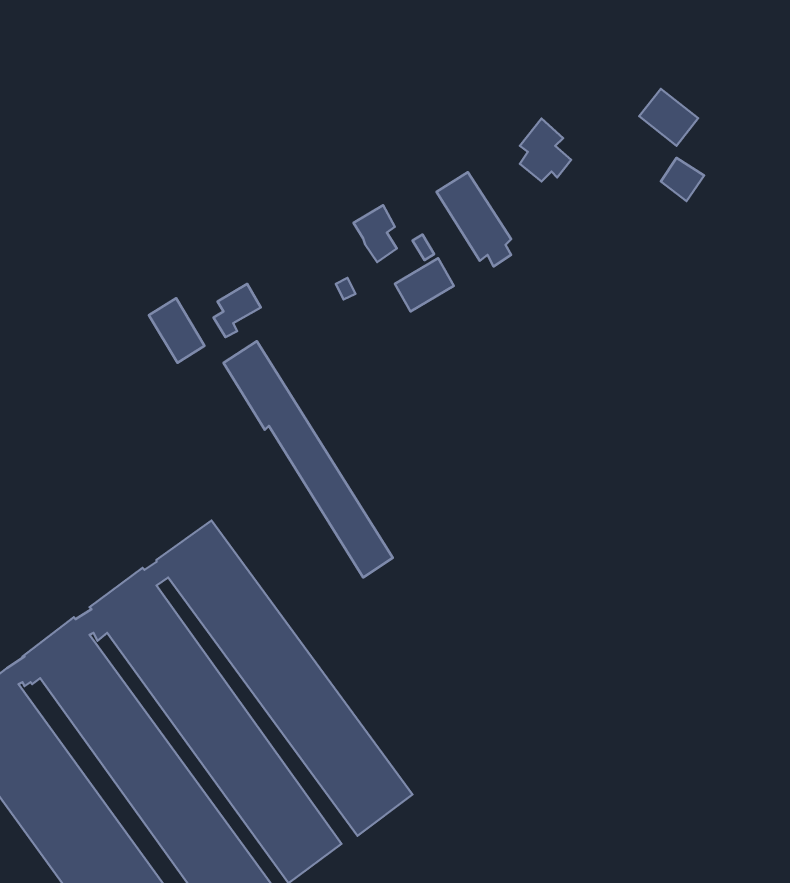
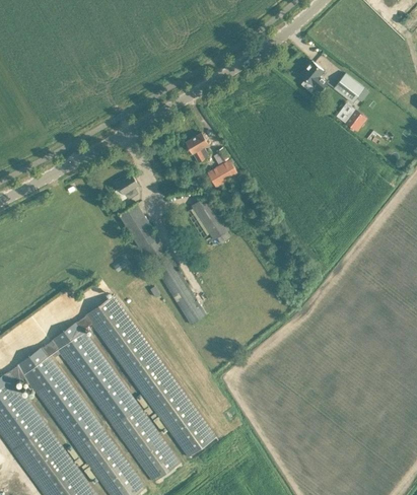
building: [520,118,571,181] -> [300,61,327,93]
building: [436,172,511,267] -> [190,195,228,243]
building: [149,298,205,363] -> none

